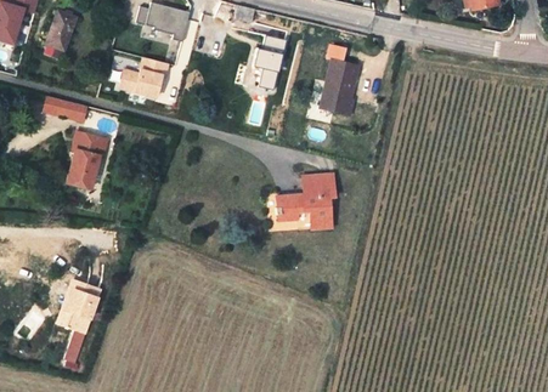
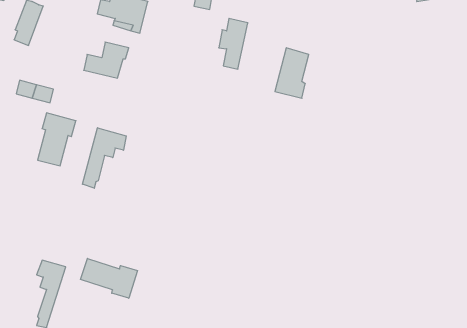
building: none -> [82,128,126,188]
building: [276,172,334,227] -> none
building: none -> [80,258,137,298]

